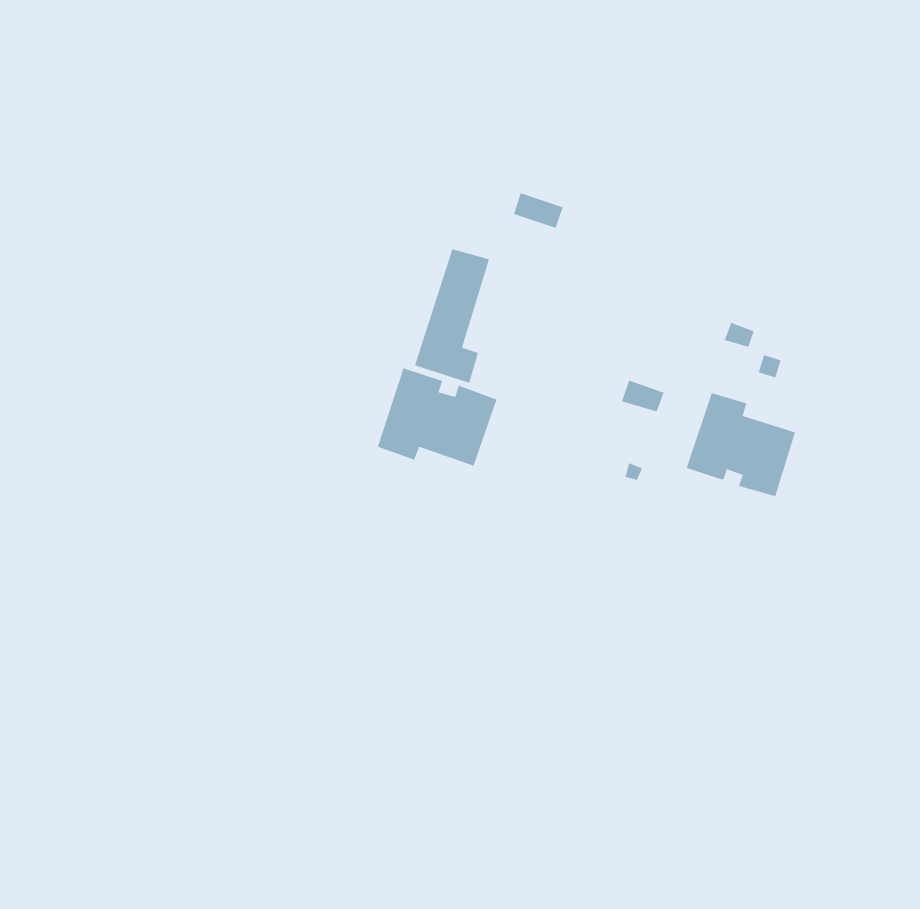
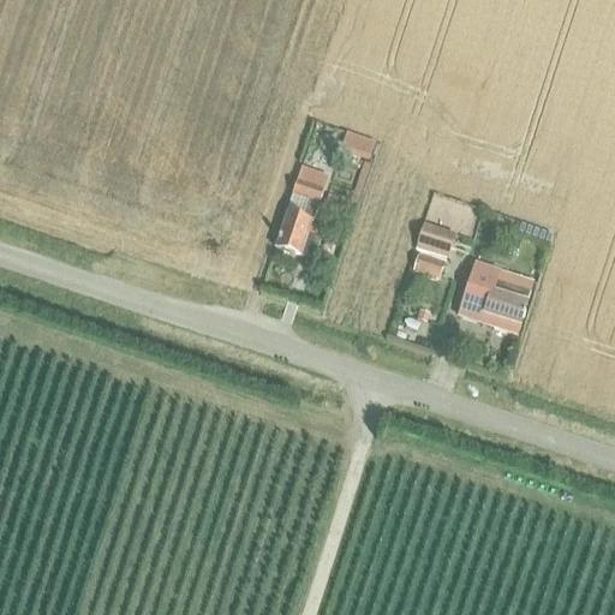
building: none -> [416,221,456,255]
building: [377,367,497,466] -> none

